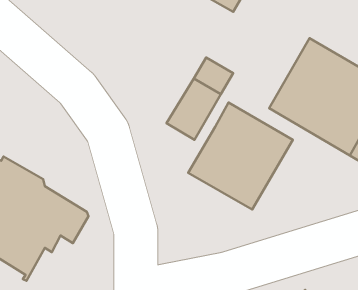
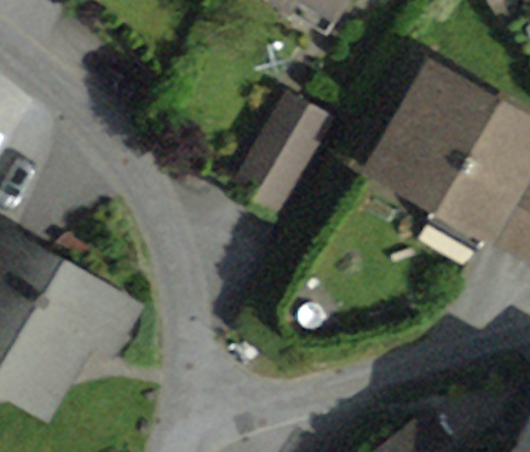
building: [188,102,293,209] -> none

